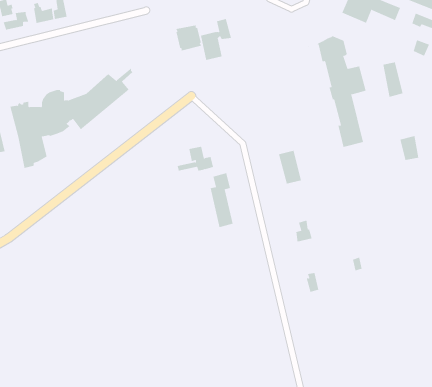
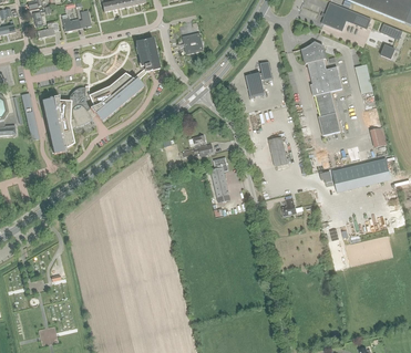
building: [200,18,232,61] -> [246,61,273,96]
building: none -> [136,38,160,71]
building: none -> [331,158,390,190]

